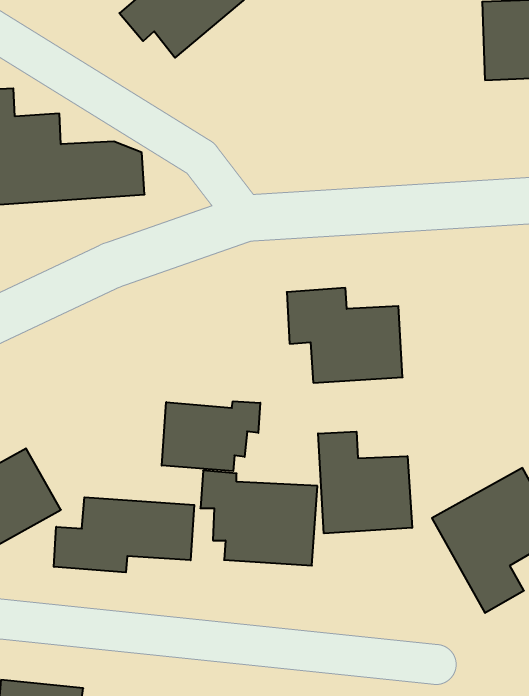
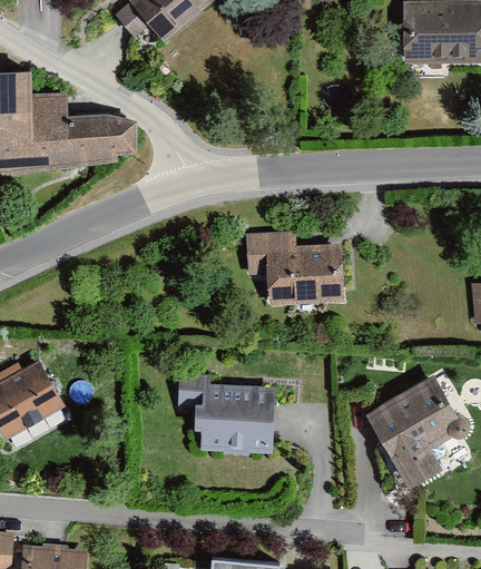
building: [162,401,260,471] -> none
building: [318,432,412,533] -> none
building: [54,497,194,572] -> none

